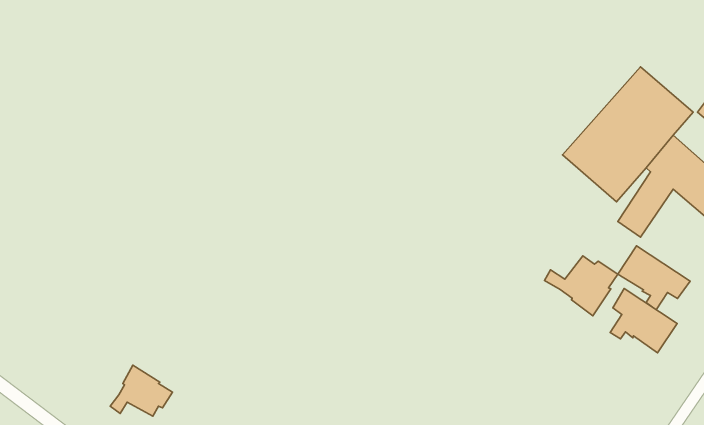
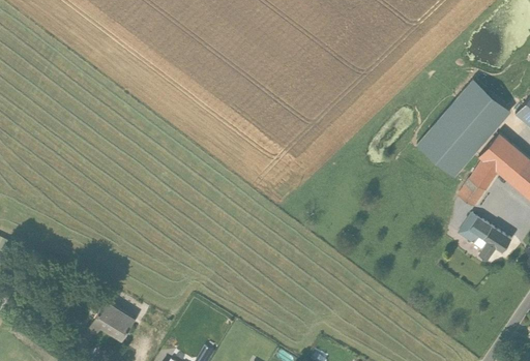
building: [544,256,618,316] -> none
building: [610,289,677,353] -> none

